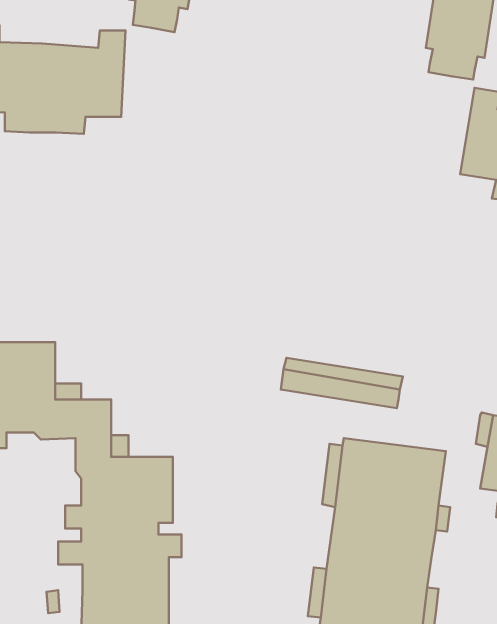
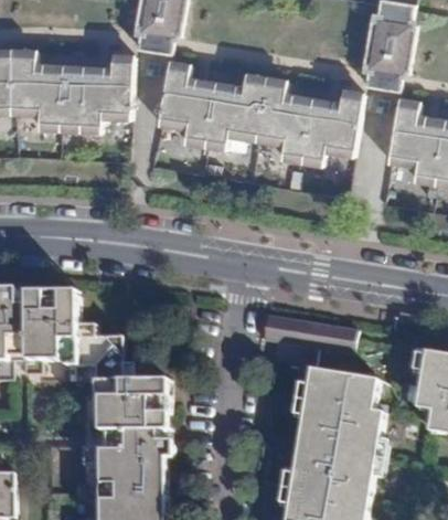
building: none -> [159,60,363,167]

